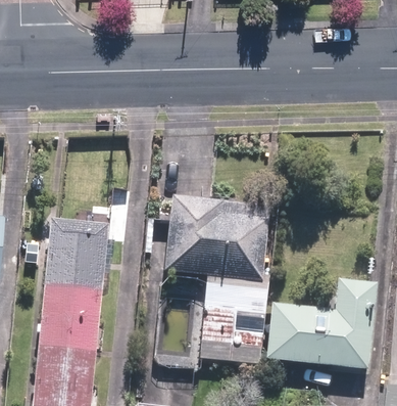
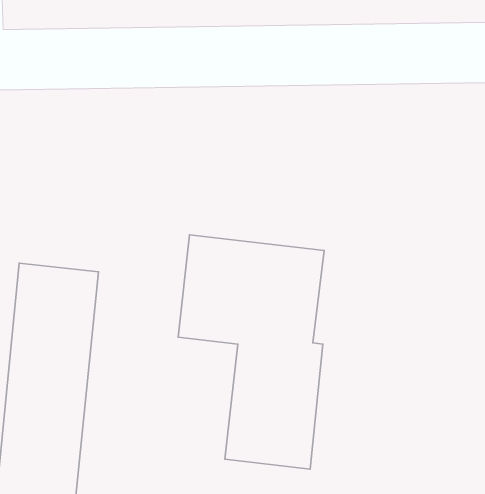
building: [266,279,375,368] -> none

